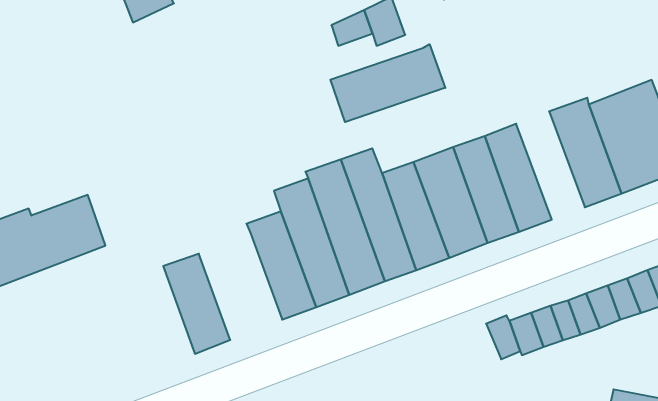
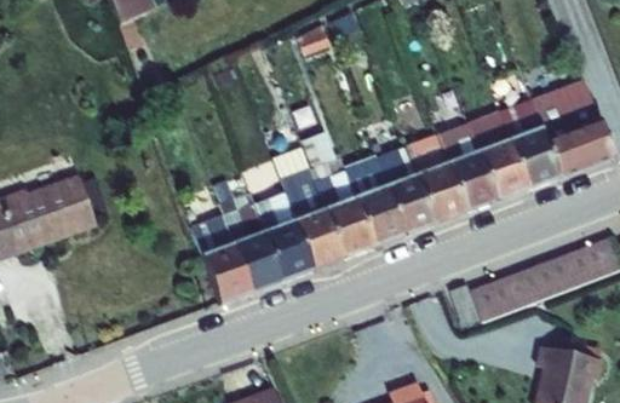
building: [330,44,445,122] -> none
building: none -> [465,105,526,201]
building: [163,254,230,354] -> [199,213,258,301]

